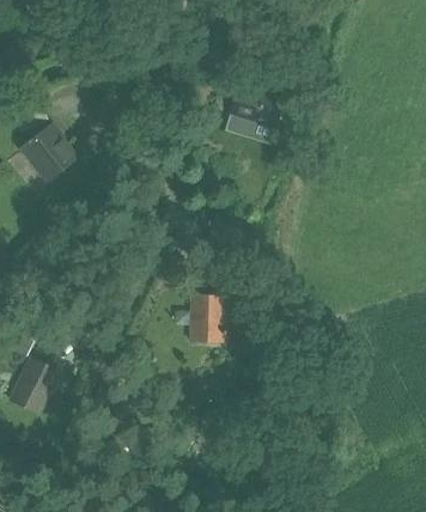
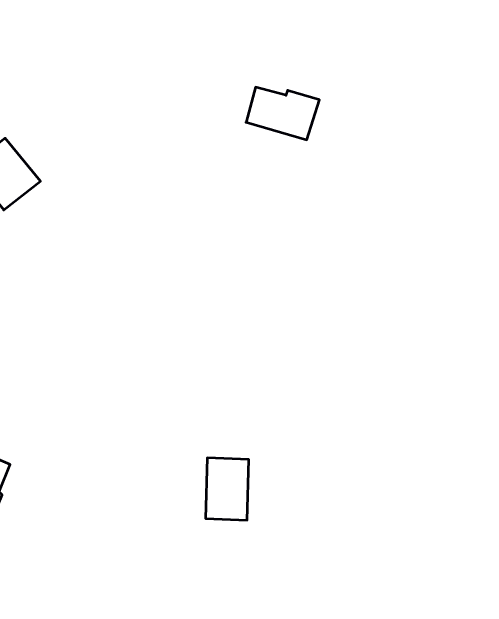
building: [190,295,223,342] -> [206,458,249,520]

